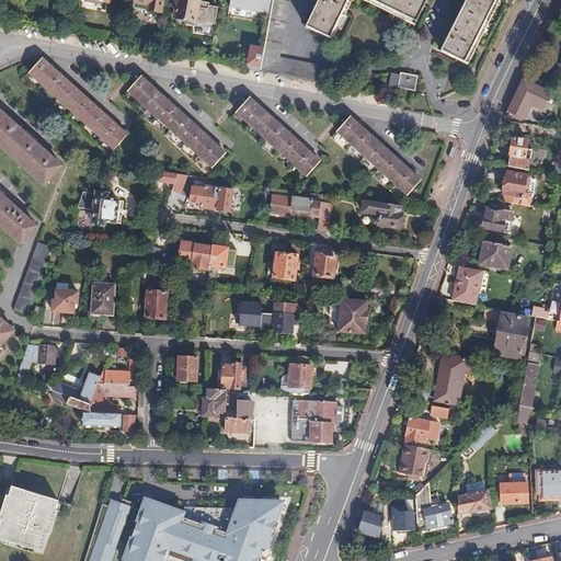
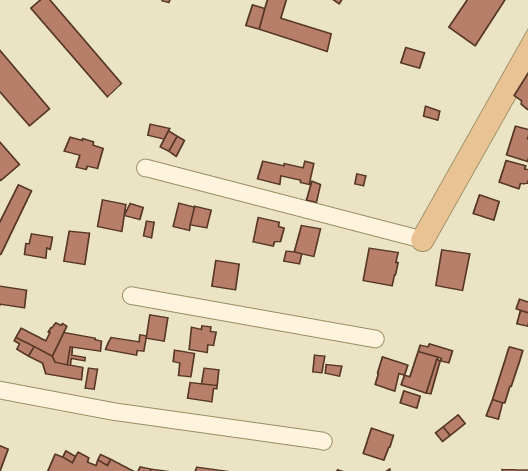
building: [128,77,225,168] -> none
building: [239,96,320,174] -> none
building: [335,113,419,192] -> none
building: [207,191,240,213] -> none
building: [378,202,401,227] -> none
building: [479,240,512,268] -> none
building: [142,290,168,319] -> [97,200,126,231]
building: [335,298,367,332] -> [363,248,398,286]
building: [259,299,296,331] -> none
building: [493,310,527,356] -> none
building: [286,363,309,392] -> none
building: [98,365,136,385] -> [105,335,147,355]
building: [291,401,336,440] -> none
building: [404,415,434,447] -> [375,357,408,391]

